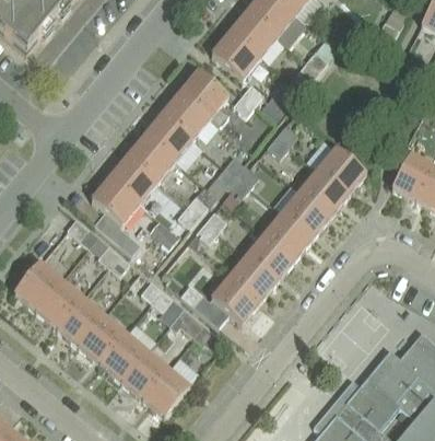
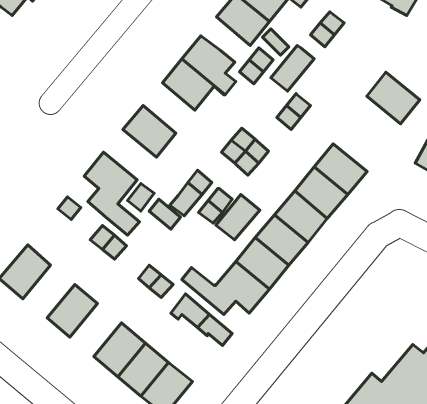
building: [145,114,192,160] -> none
building: [318,148,366,195] -> [367,72,420,124]
building: [109,156,157,202] -> none
building: none -> [216,195,260,240]
building: [36,280,83,328] -> none
building: [79,315,126,363] -> none

